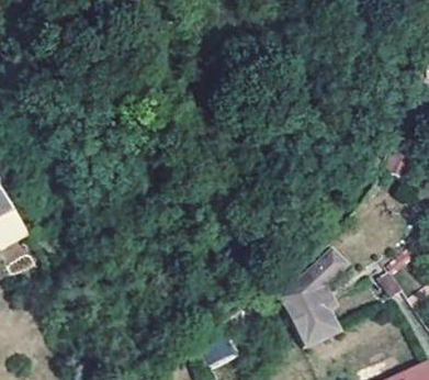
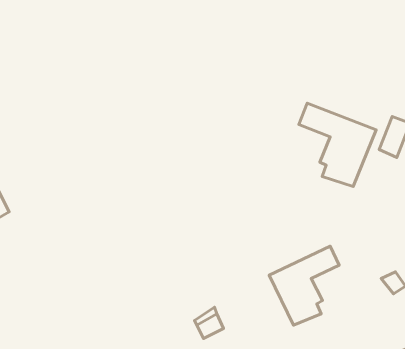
building: none -> [299,103,376,186]

